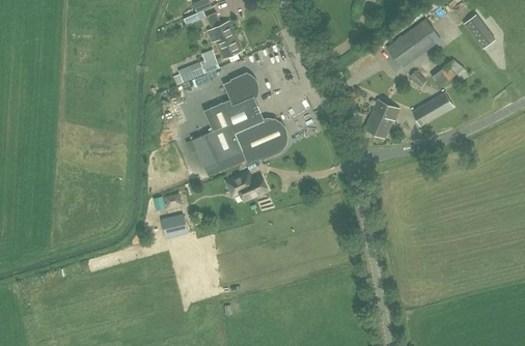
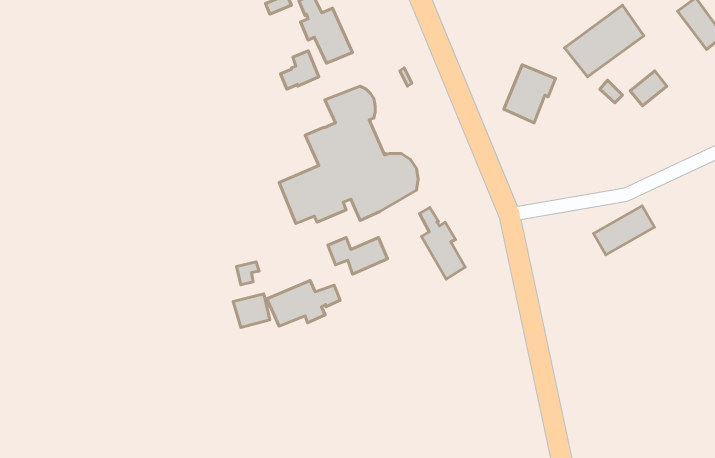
building: [412,92,453,125] -> [593,206,655,255]
building: [364,98,399,138] -> [504,65,556,123]
building: none -> [419,207,465,279]
building: none -> [267,281,340,326]

